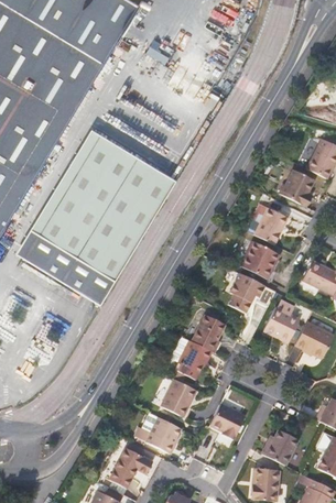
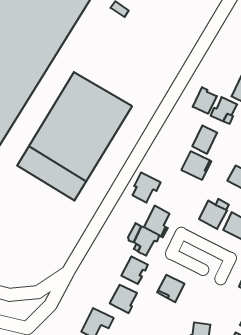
building: none -> [193,87,217,114]
building: [227,272,264,311] -> [132,173,161,203]
building: [264,430,300,466] -> none

